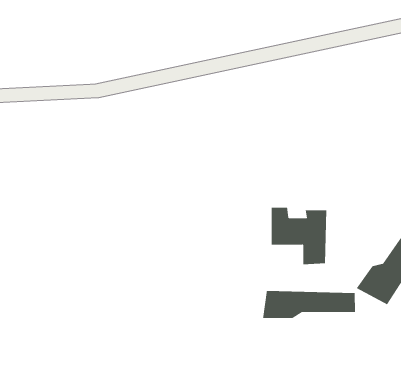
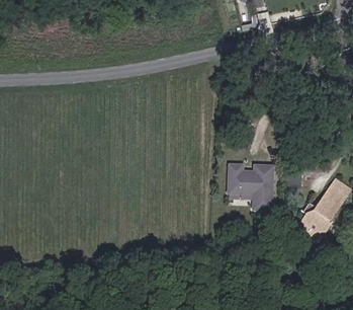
building: [263,290,356,319] -> none

